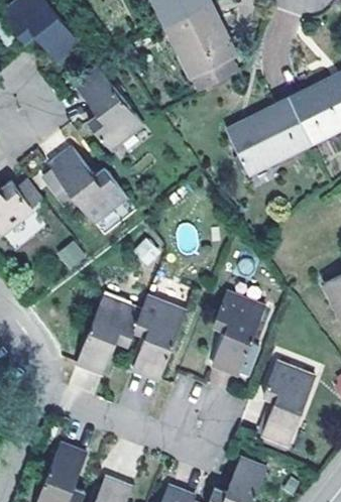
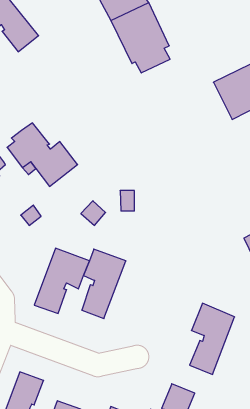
building: [75,67,144,150] -> none
building: [226,99,311,174] -> none
building: [210,291,264,375] -> none

